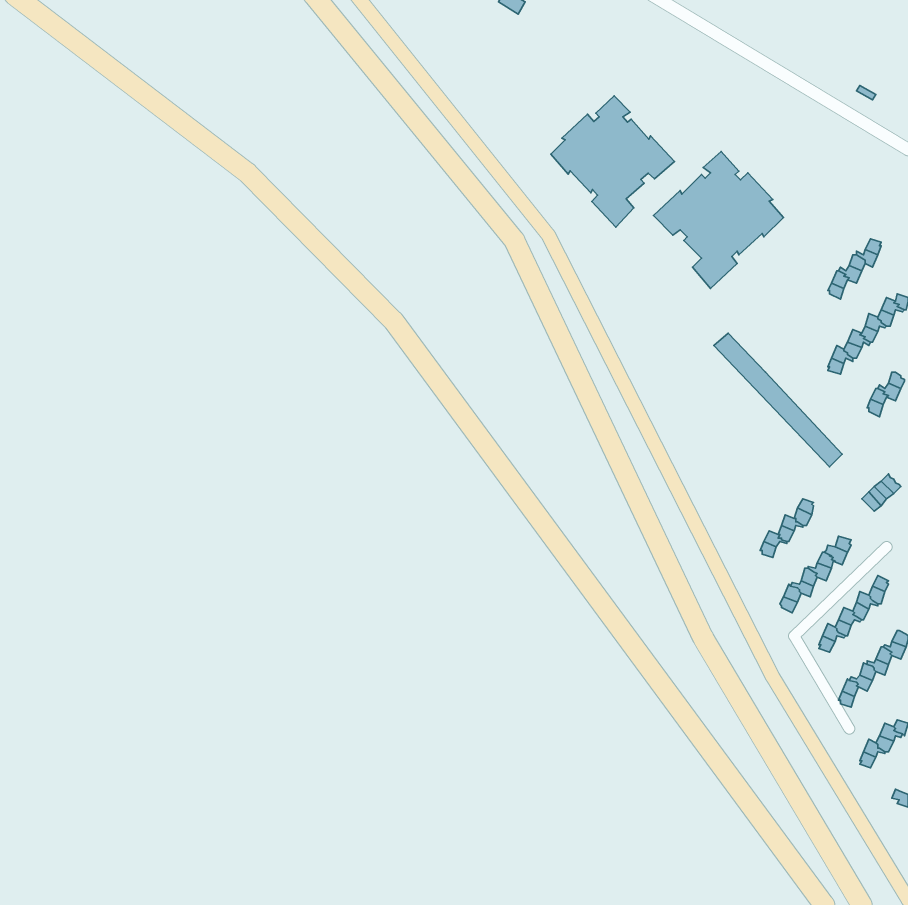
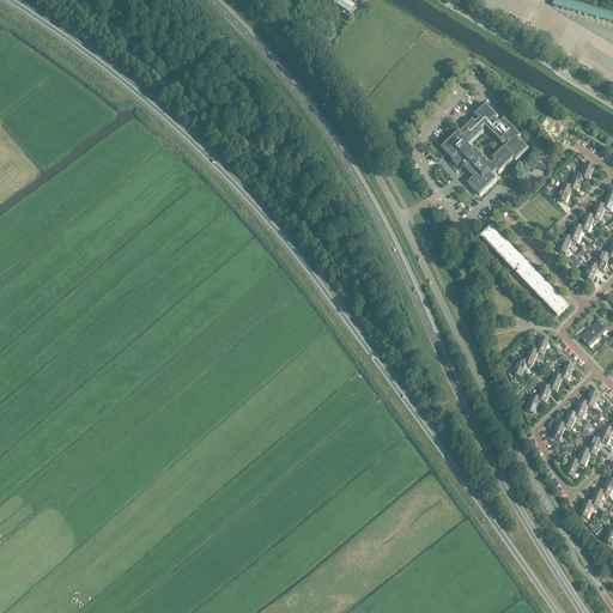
building: [551,96,674,227] -> none

